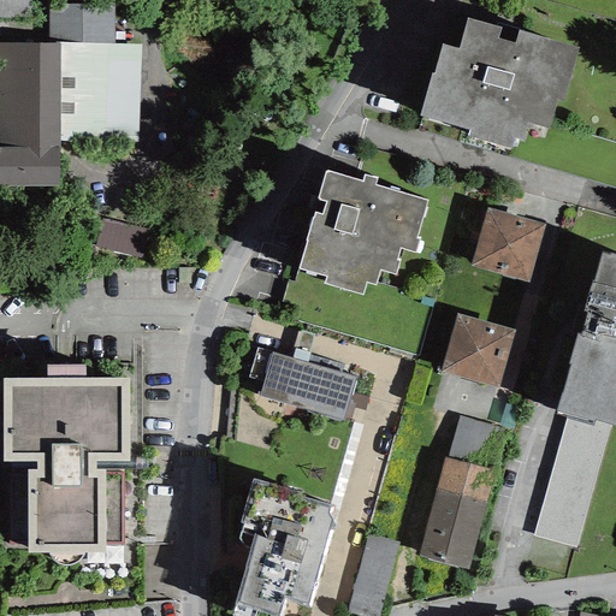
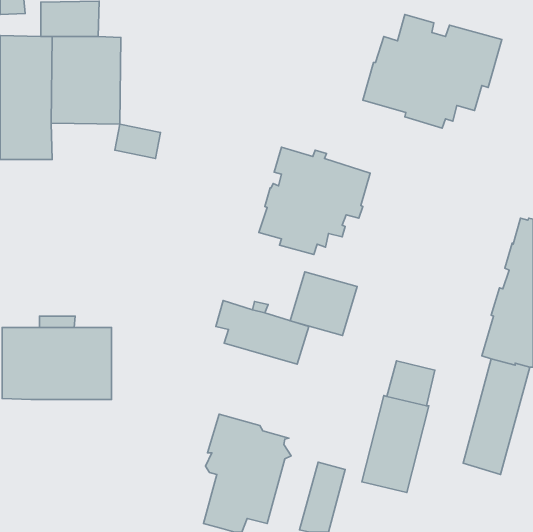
building: [469,207,545,282] -> none
building: [96,219,149,259] -> [115,124,161,159]
building: [438,313,515,386] -> [290,272,357,335]
building: [28,461,122,552] -> none

